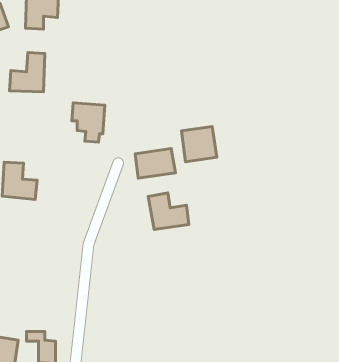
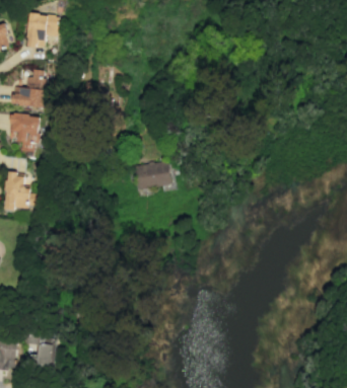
building: [72,103,105,142] -> [8,114,40,152]
building: [182,127,217,162] -> none
building: [148,193,189,230] -> none

